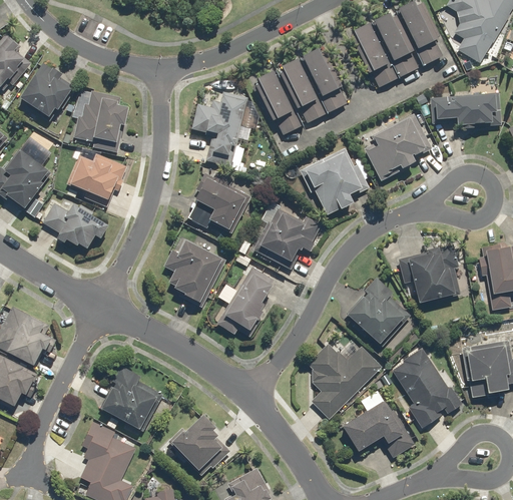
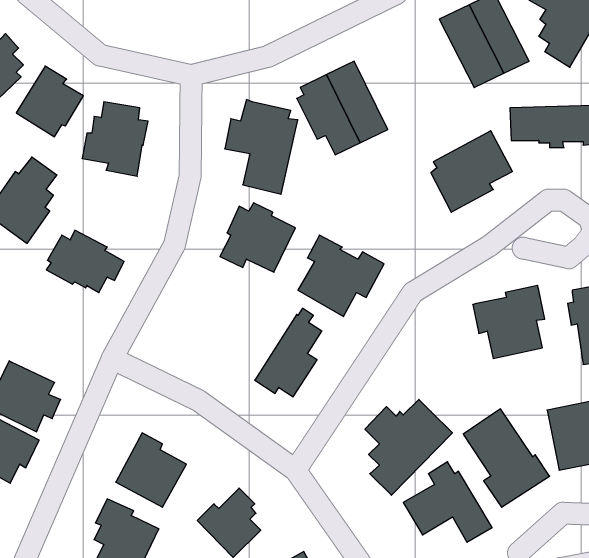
building: [349,21,400,89] -> none
building: [300,45,349,113] -> none
building: [300,147,361,217] -> none
building: [66,153,127,206] -> none
building: [163,237,221,302] -> none
building: [345,277,412,345] -> none

